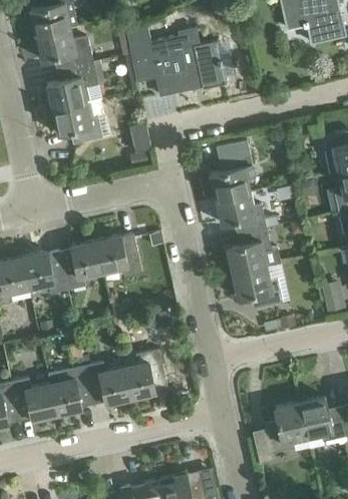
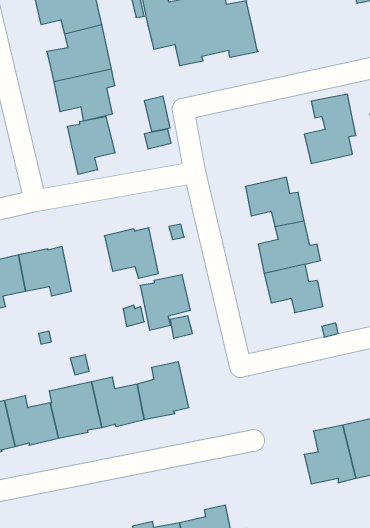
building: none -> [68,116,115,174]
building: [210,140,254,199] -> [304,94,356,164]
building: [59,241,102,289] -> [140,275,191,330]

